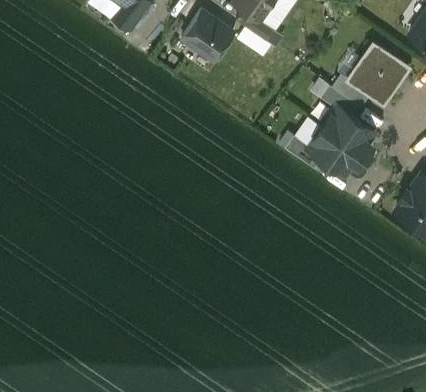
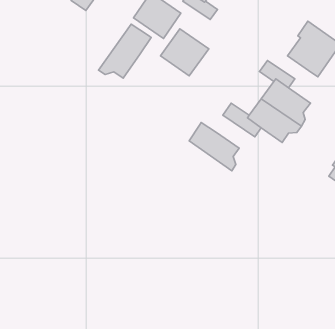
building: none -> [98,24,151,78]
building: none -> [161,29,209,76]
building: none -> [189,123,239,171]

